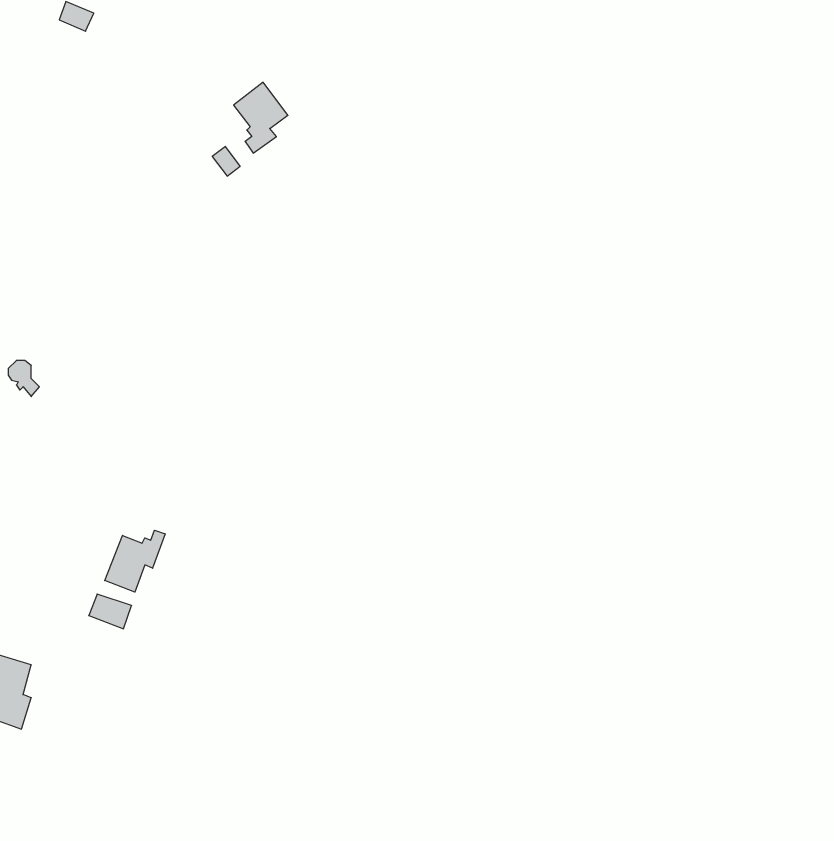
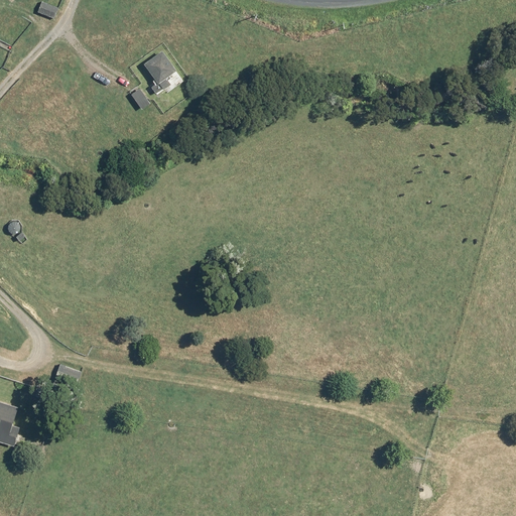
building: [105,530,165,592] -> none

